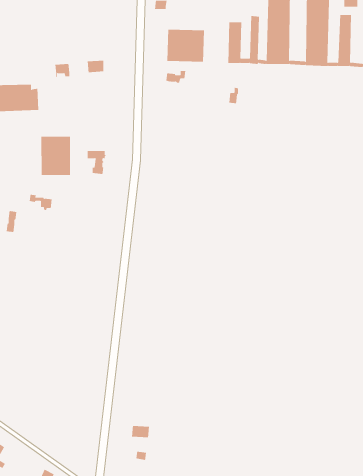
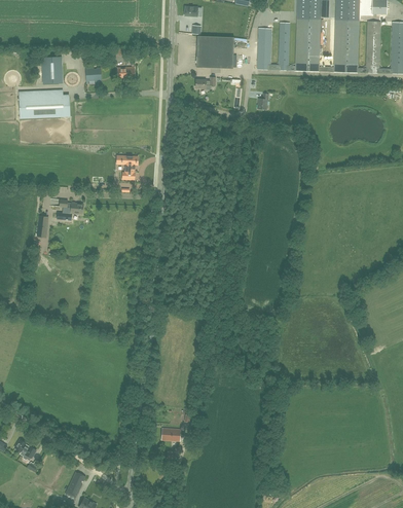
building: none -> [42,57,62,83]
building: [41,136,71,176] -> none

